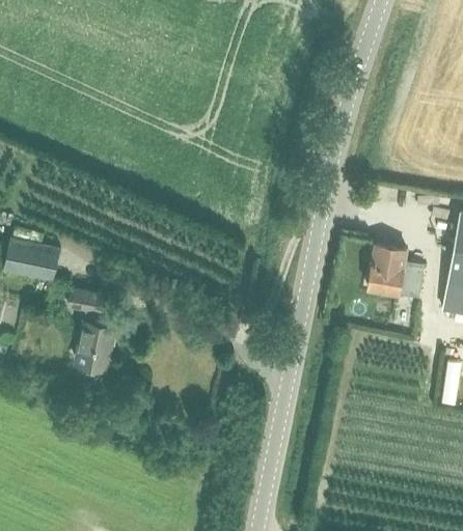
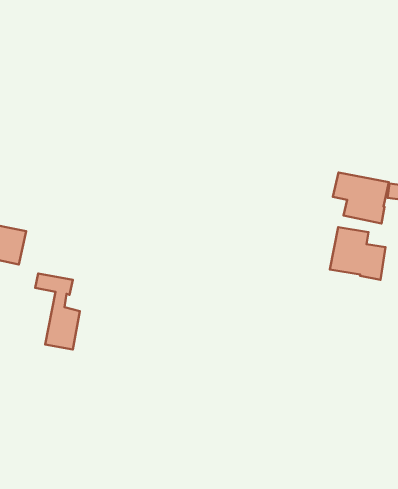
building: none -> [333,172,389,224]

